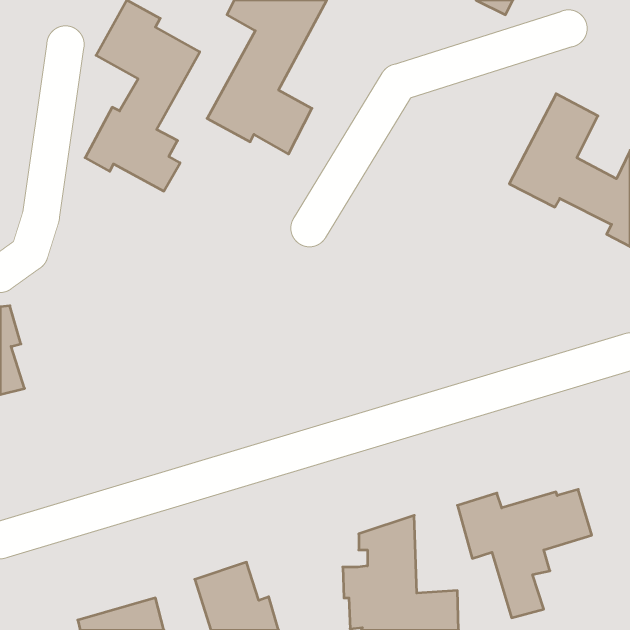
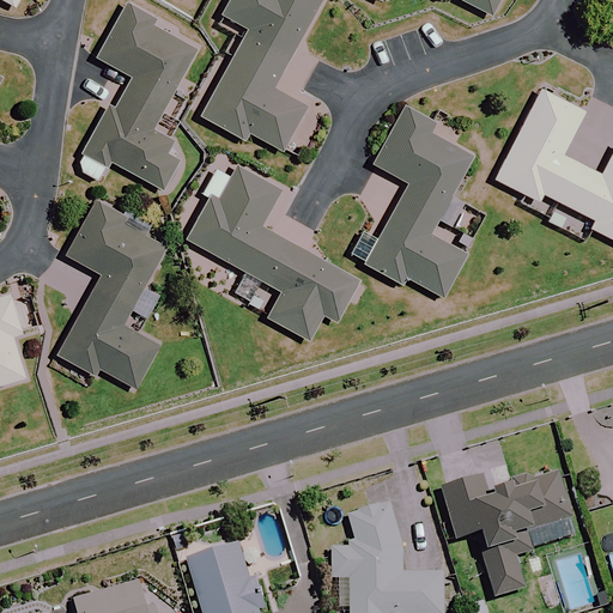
building: none -> [368,107,472,295]
building: none -> [187,166,356,339]
building: none -> [56,200,163,386]

